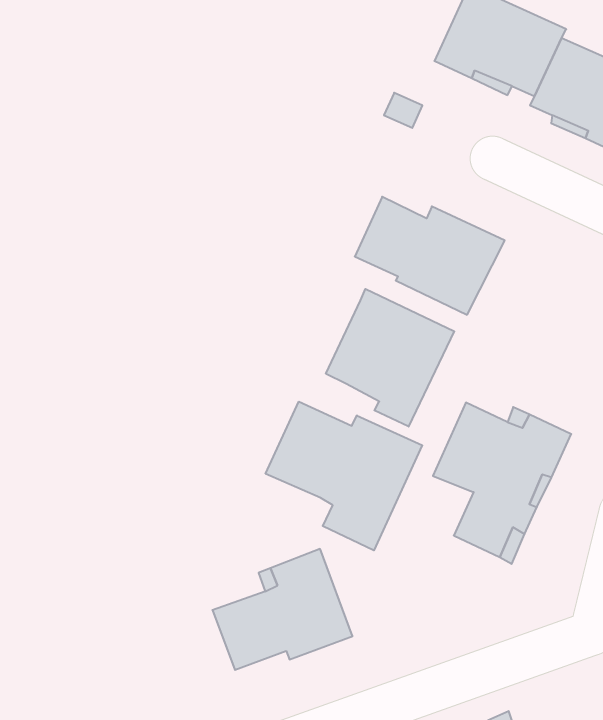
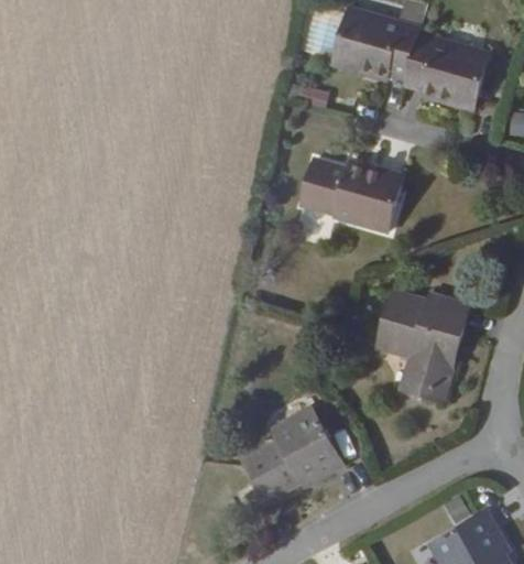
building: [326,289,454,427] -> none
building: [266,402,422,550] -> none

